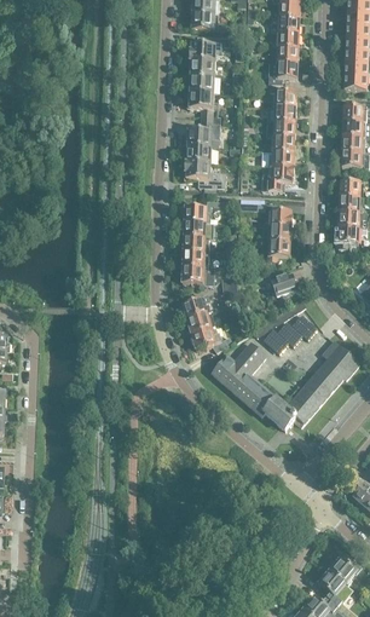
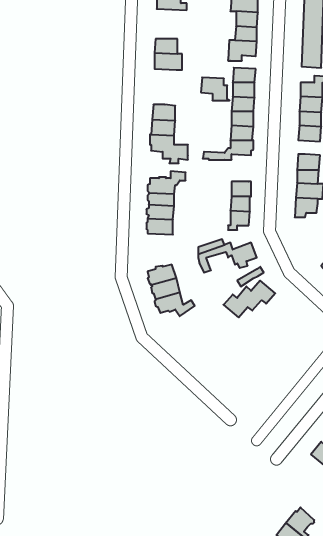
building: [190,35,220,59] -> none
building: [189,91,219,115] -> [201,77,230,100]
building: [180,264,215,283] -> none
building: [213,338,359,432] -> none

